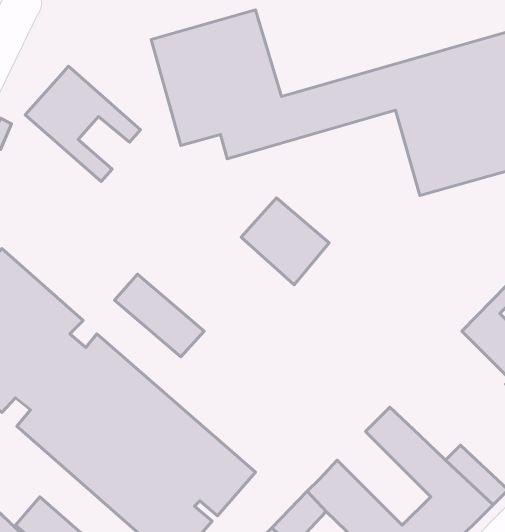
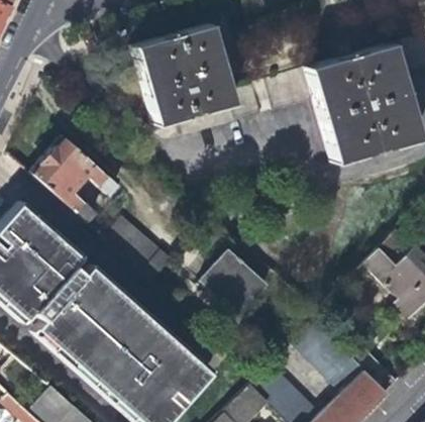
building: [25,66,141,181] -> [32,139,118,225]
building: [241,198,329,285] -> [202,254,268,319]

